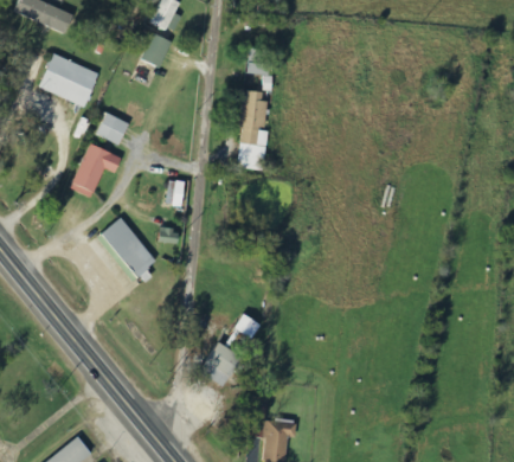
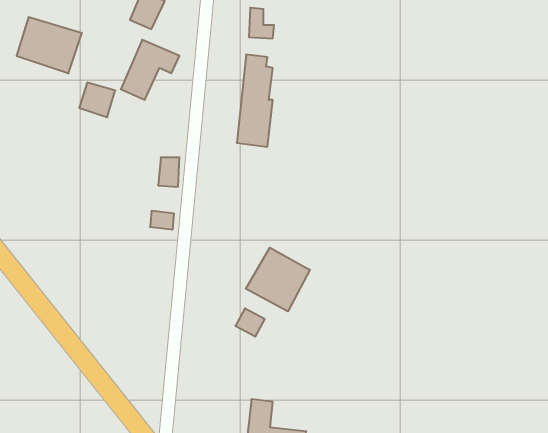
building: [70,143,122,197] -> [121,40,179,100]
building: [98,217,158,280] -> none
building: none -> [246,248,310,311]
building: [200,342,243,386] -> none

